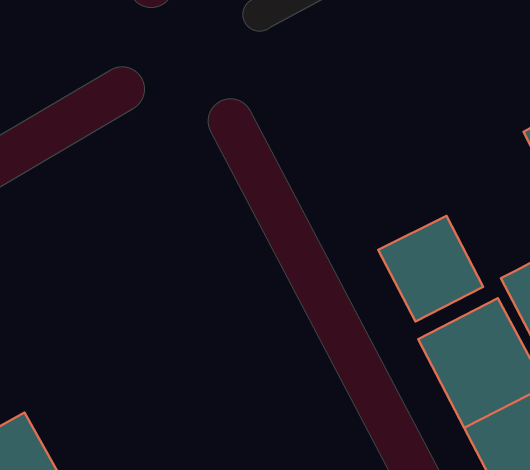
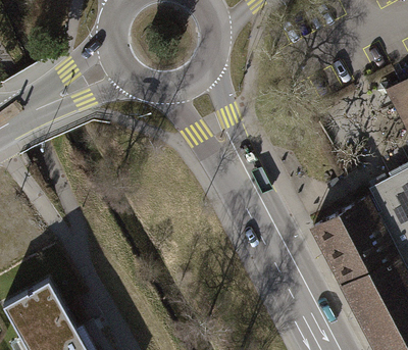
building: [378,216,483,322] -> none

